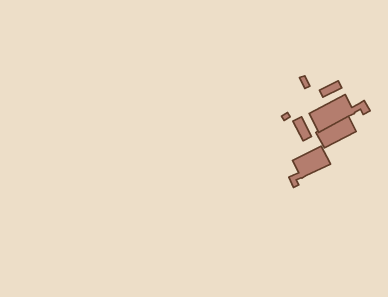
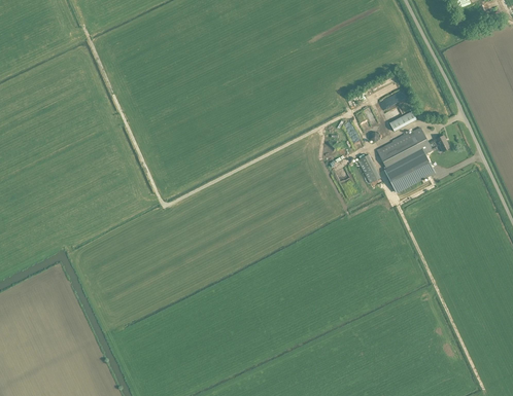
building: [289,146,331,188] -> none

